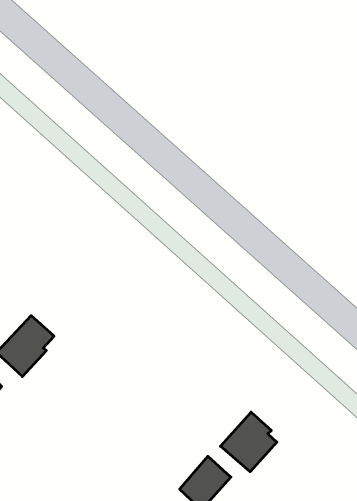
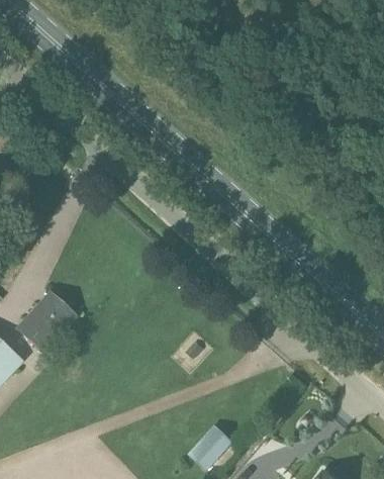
building: [220,412,277,472] -> none

